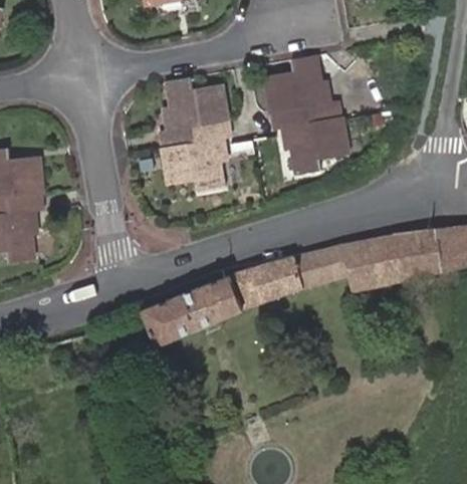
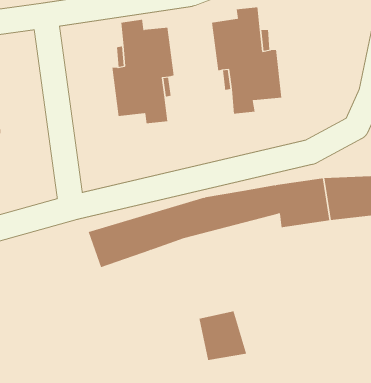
building: none -> [199,311,247,361]

